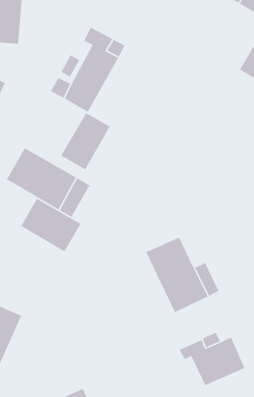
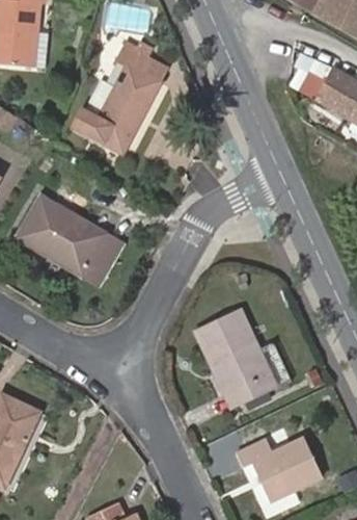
building: [60,112,111,170] -> none
building: [20,198,82,252] -> none

